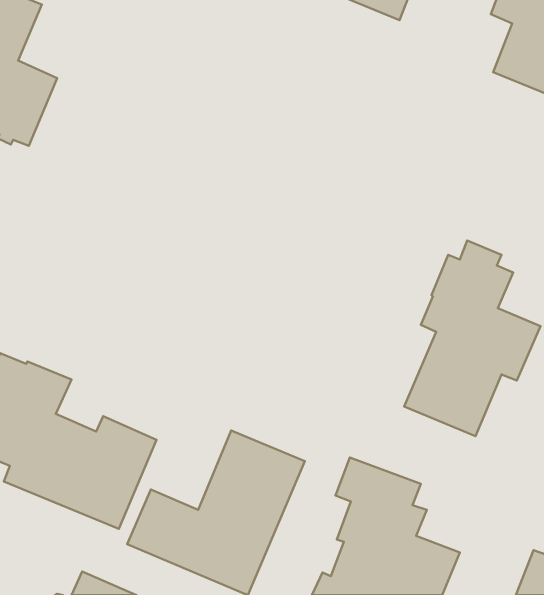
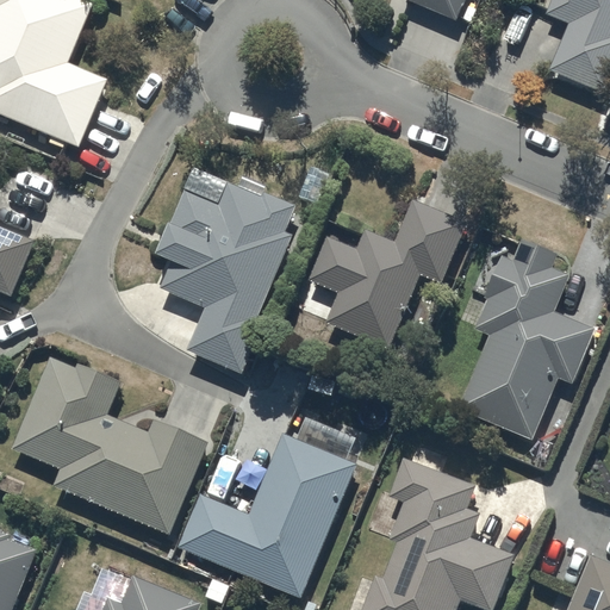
building: none -> [158,179,294,374]
building: none -> [310,199,466,348]

